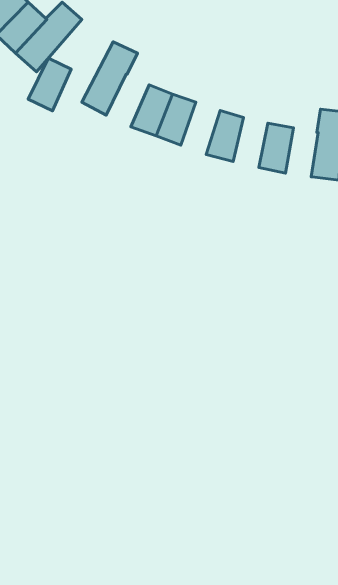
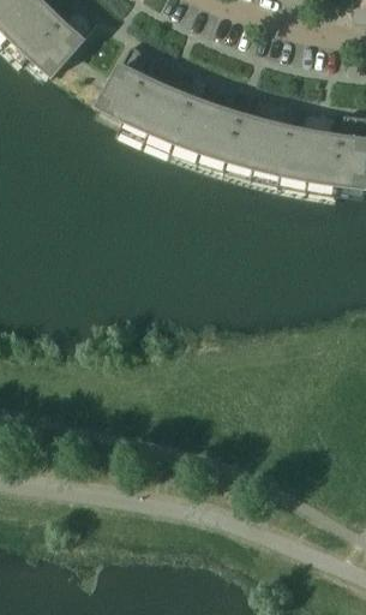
building: [28,59,71,111] -> [124,77,168,131]
building: none -> [200,106,241,160]
building: none -> [254,121,290,173]
building: none -> [308,132,342,183]

